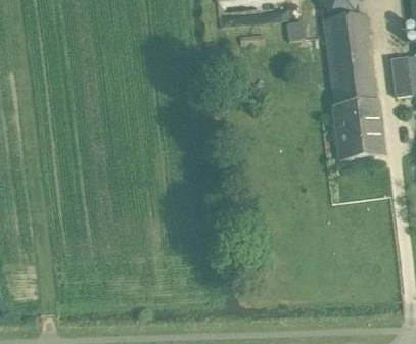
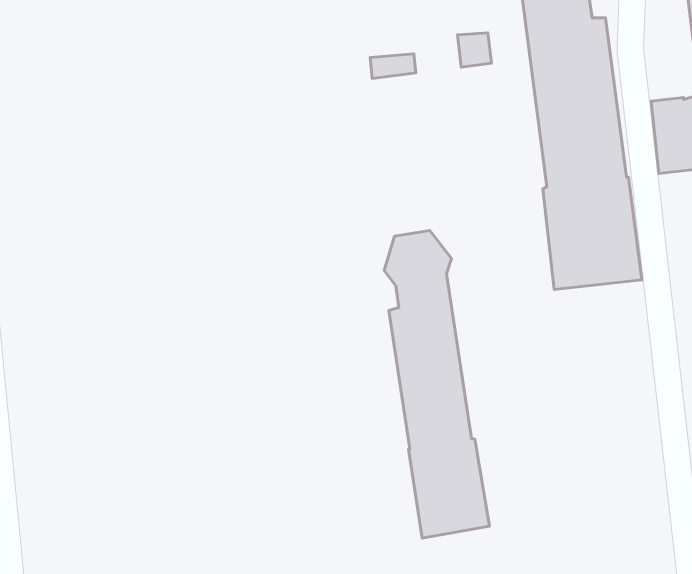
building: none -> [384,231,489,538]

